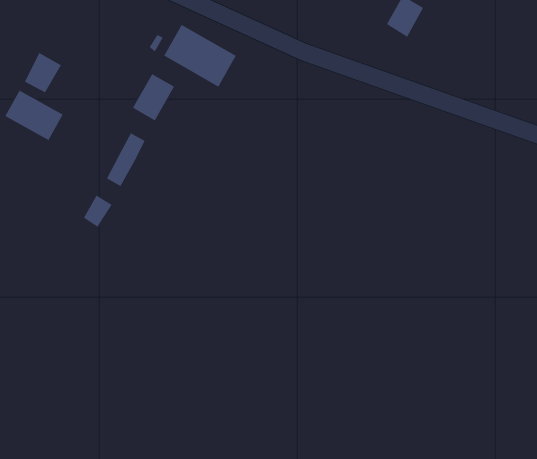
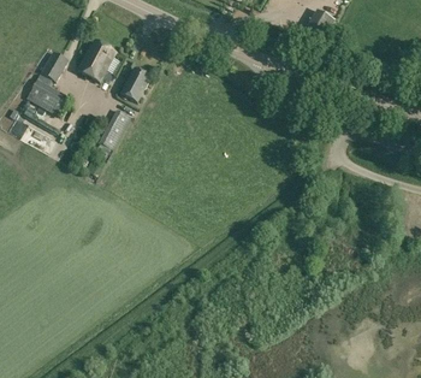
building: [163,24,237,87] -> none
building: none -> [77,39,117,82]

